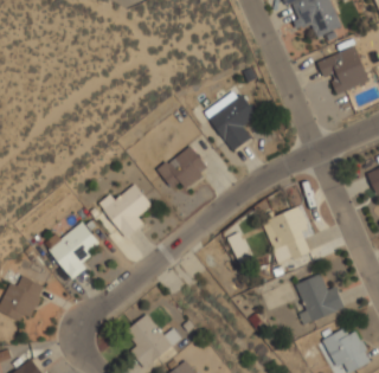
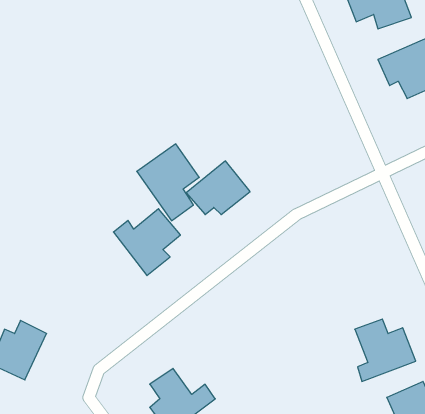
building: [205,89,256,152] -> [137,144,199,221]
building: [261,204,314,259] -> none
building: [45,221,101,279] -> none

